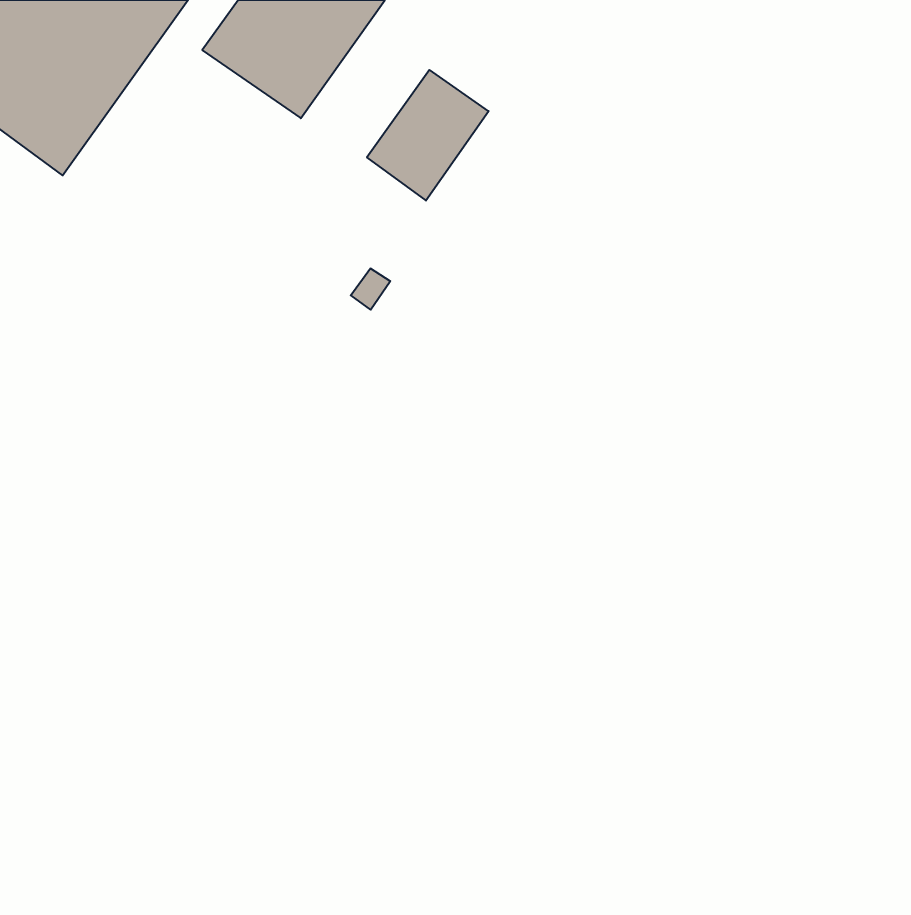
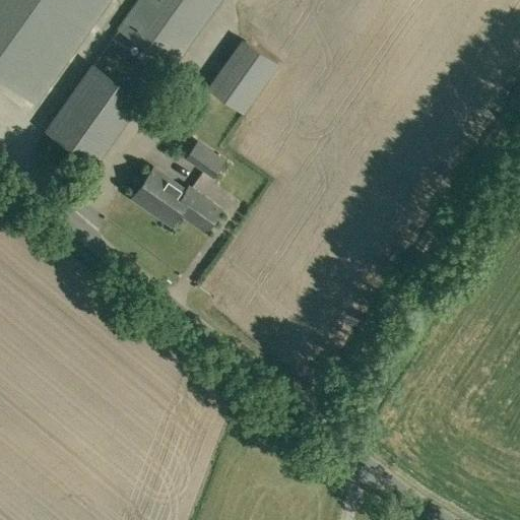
building: none -> [46,63,140,162]
building: none -> [130,168,218,232]

